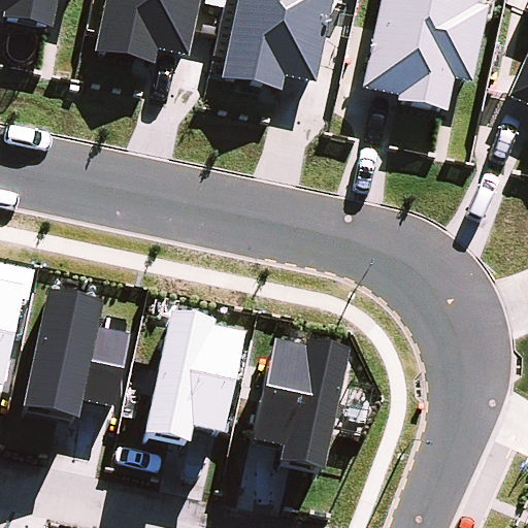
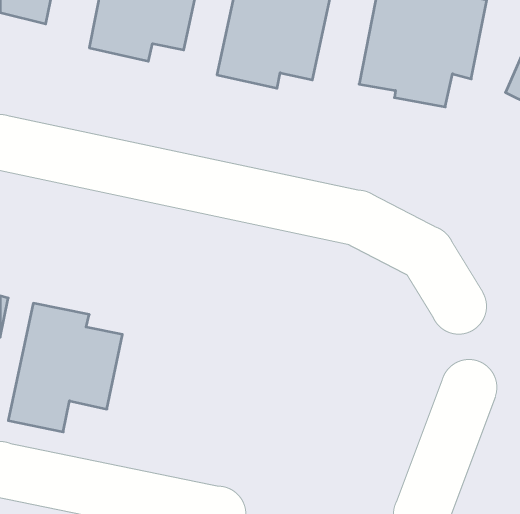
building: [140,321,240,454] -> none
building: [250,349,343,478] -> none

